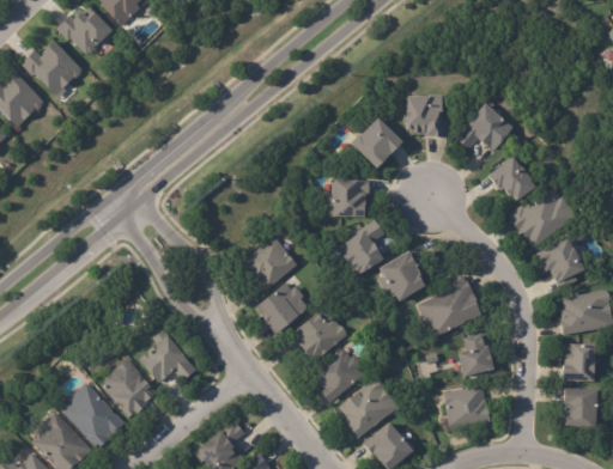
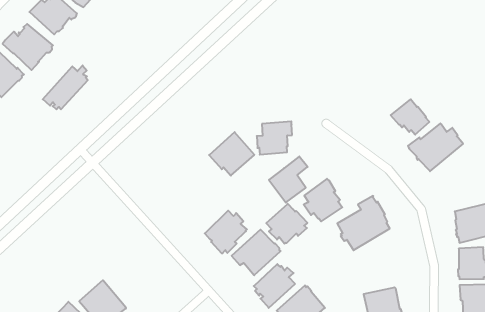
building: [406,93,449,135] -> none
building: none -> [43,65,88,109]
building: [457,103,514,151] -> none
building: [353,118,403,169] -> none
building: [242,236,297,288] -> [209,132,254,176]
building: [536,237,584,288] -> none
building: none -> [266,204,307,244]
building: [140,330,195,383] -> none
building: [457,333,493,376] -> none

